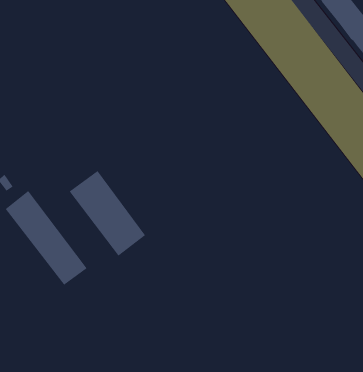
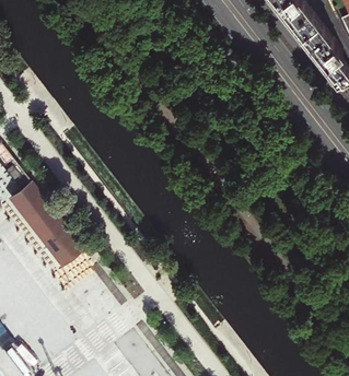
building: [69,170,146,257] -> none

